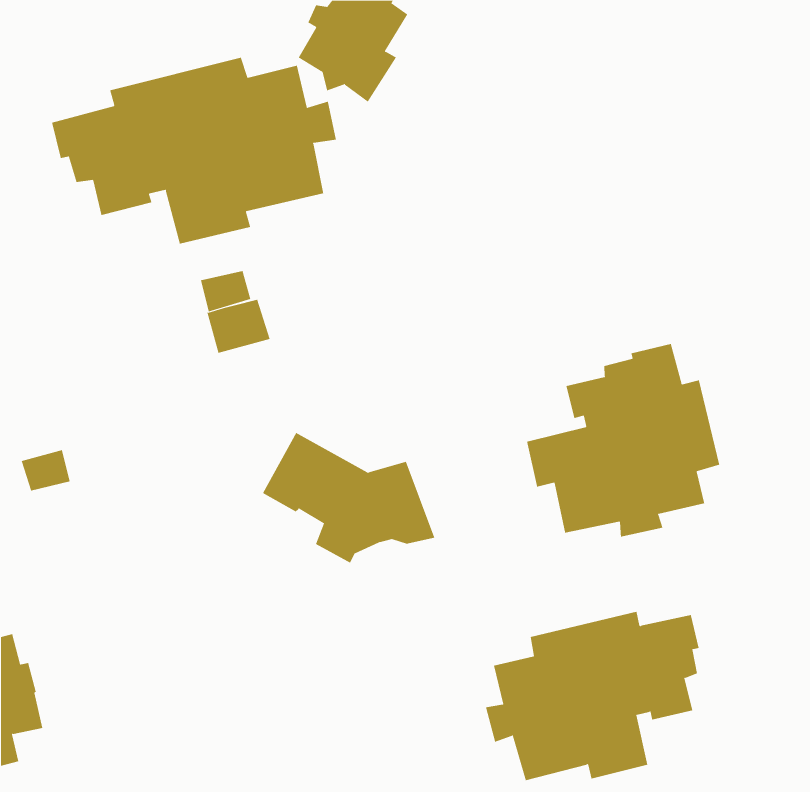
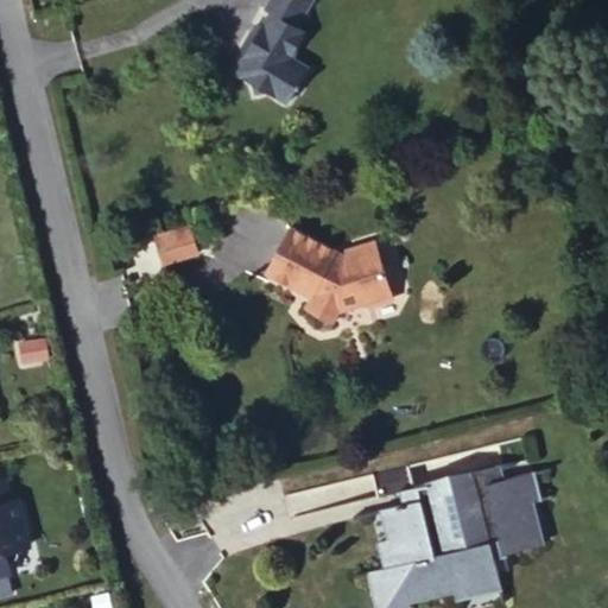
building: [51,57,337,244] -> none
building: [527,343,720,537] -> none
building: [262,432,435,564] -> [265,216,393,314]

